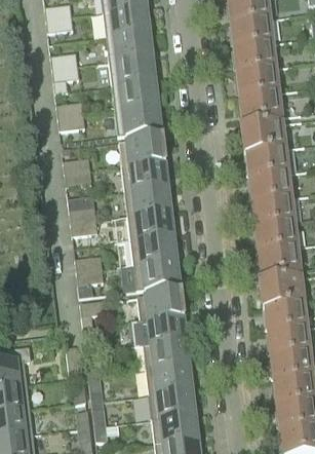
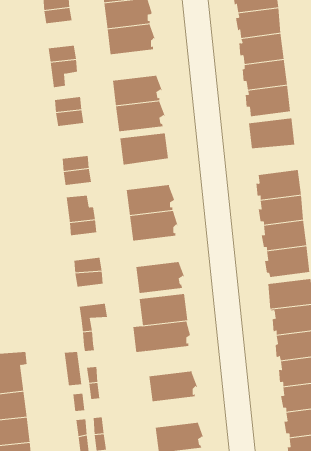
building: [110,59,157,88] -> none
building: [245,150,290,179] -> none
building: [122,163,169,193] -> none
building: [131,237,179,267] -> none
building: [144,343,191,372] -> none
building: [150,391,197,421] -> none

